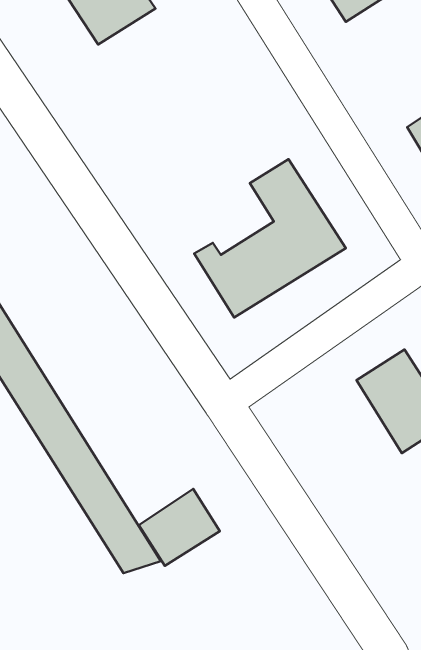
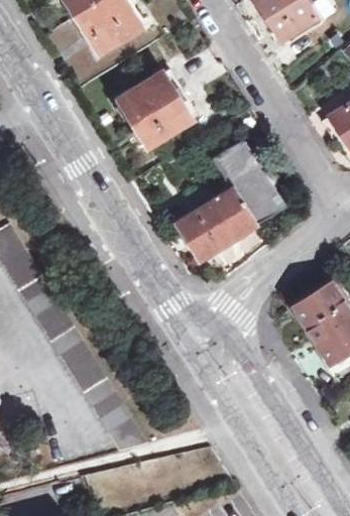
building: none -> [119,70,200,146]
building: [139,489,220,566] -> none

